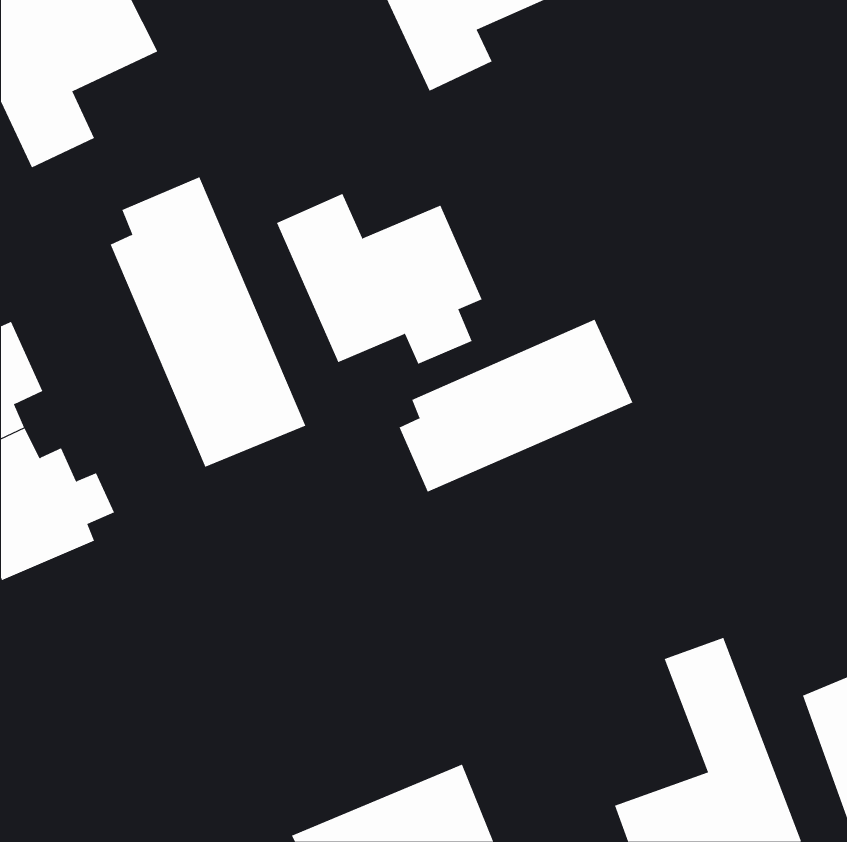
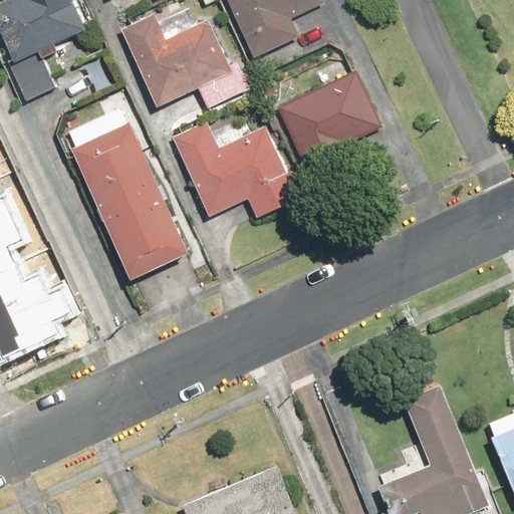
building: none -> [119,13,249,108]
building: none -> [276,72,384,169]
building: [399,319,633,493] -> none

